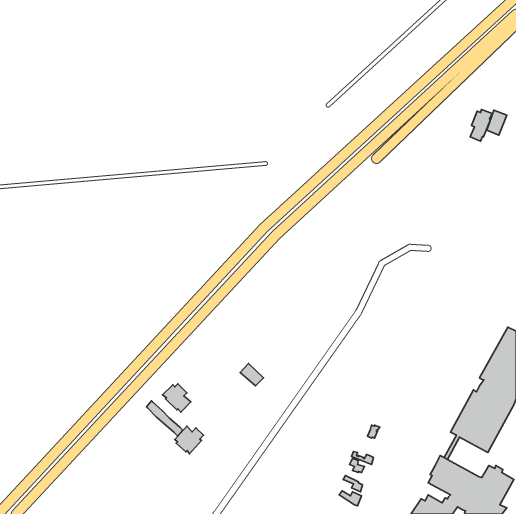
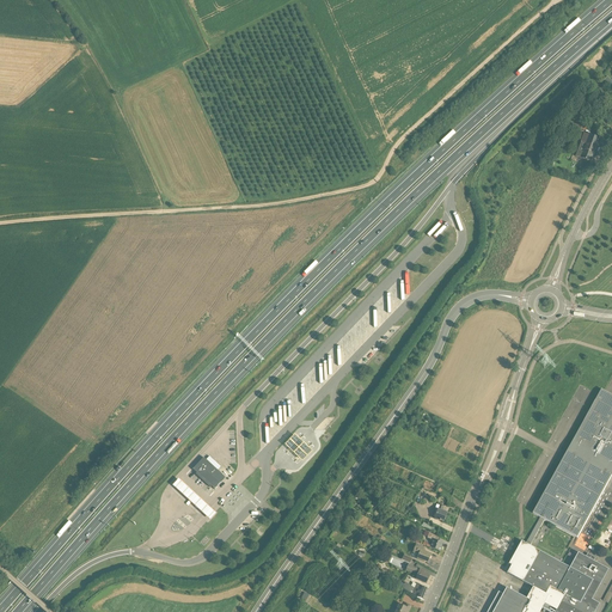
building: [470,109,492,141] -> none
building: [175,426,204,454] -> none

